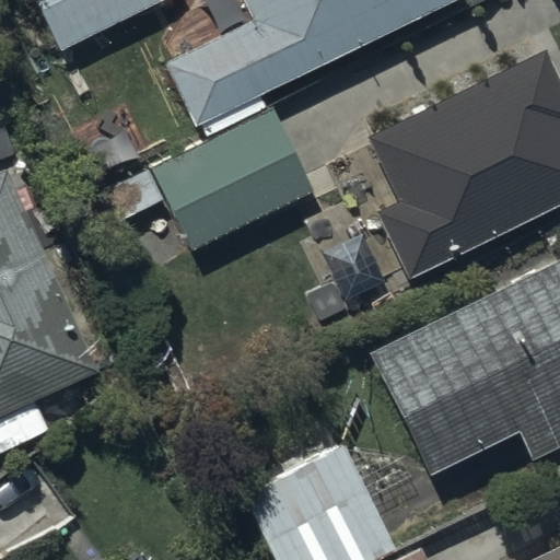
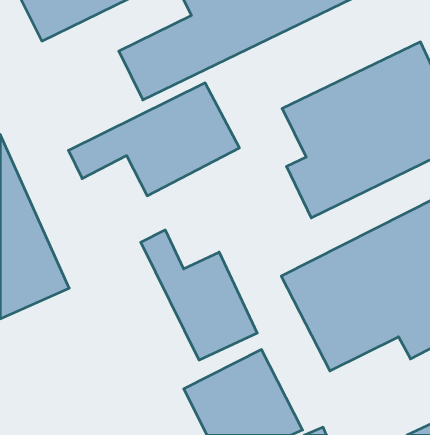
building: none -> [141,230,257,360]

